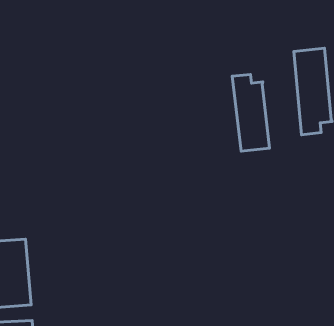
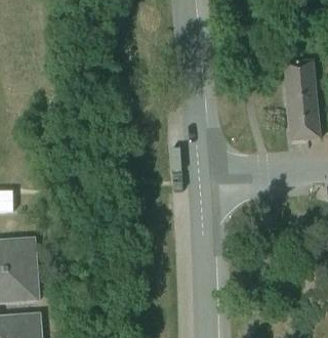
building: [232,74,270,151] -> none

